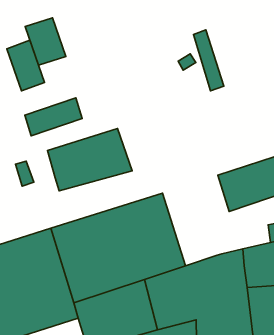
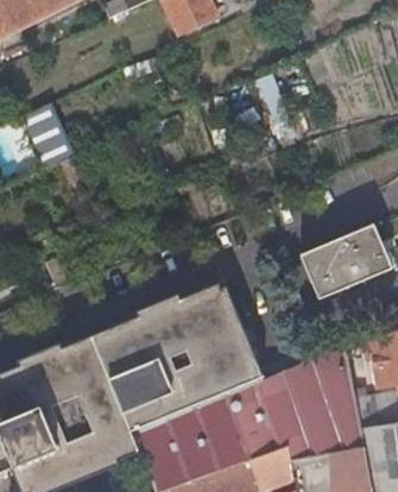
building: [25,18,66,65] -> none
building: [25,98,82,136] -> none
building: [47,128,132,191] -> none

